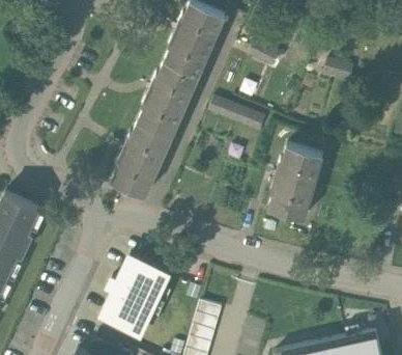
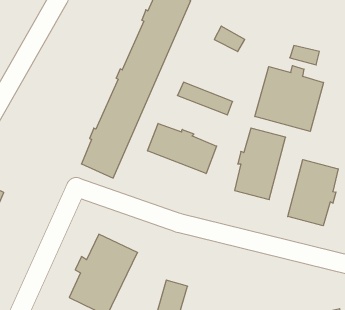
building: none -> [255,66,323,131]
building: none -> [148,123,217,174]
building: none -> [288,160,338,226]

